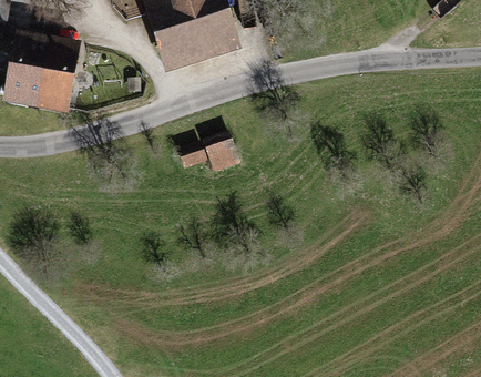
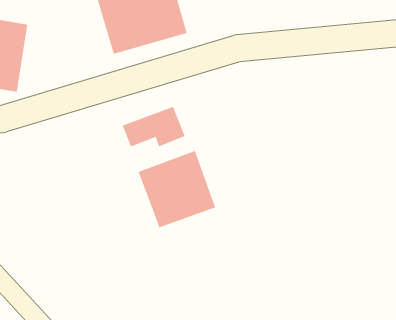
building: none -> [138,150,216,228]

